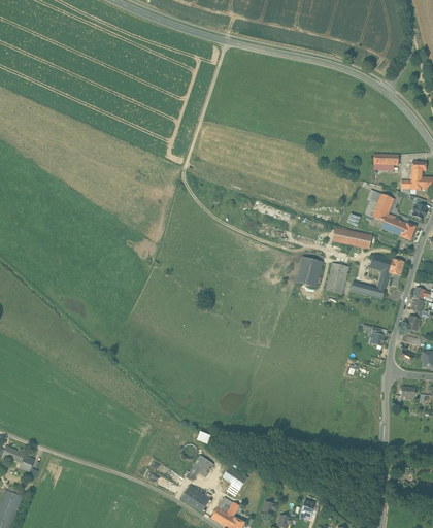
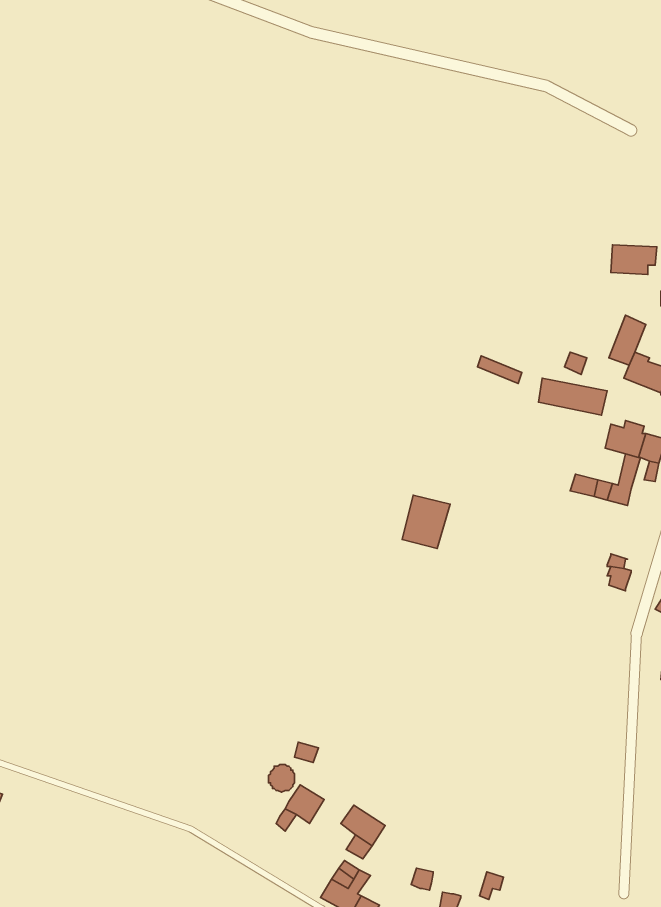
building: [296,257,323,287] -> [402,495,450,549]
building: [326,263,348,294] -> none
building: [181,484,210,512] -> none

